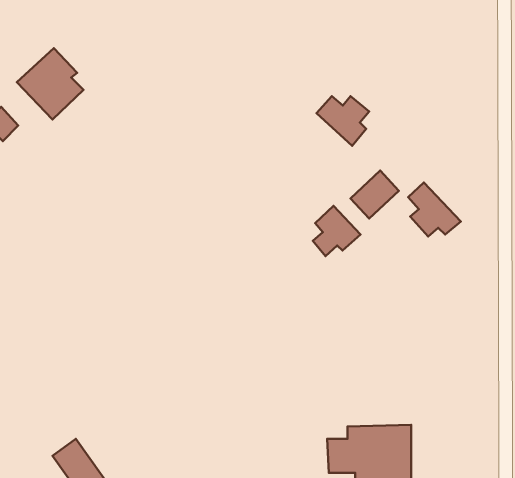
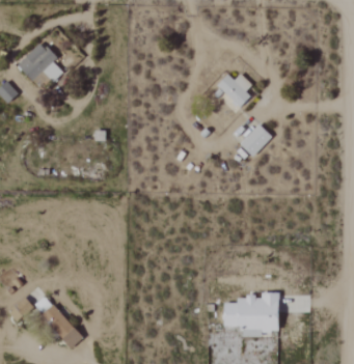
building: [408,182,461,237] -> none
building: [313,206,361,256] -> none

